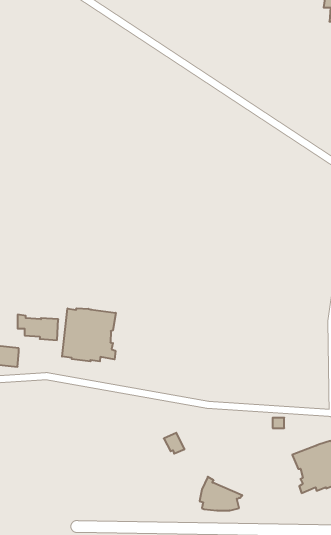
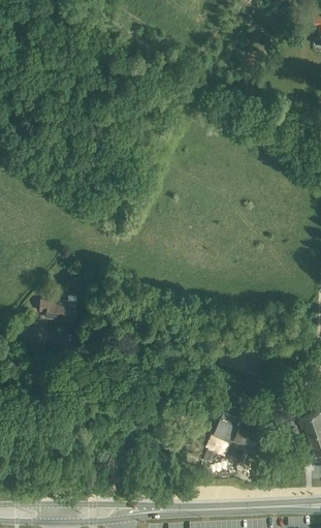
building: [62,308,116,361] -> none
building: none -> [214,413,266,455]

